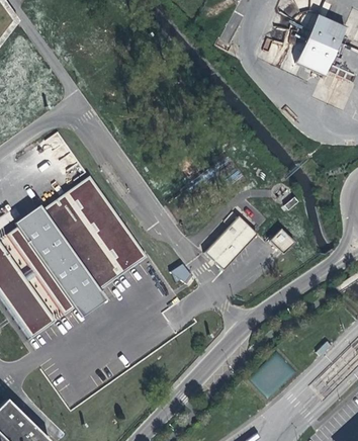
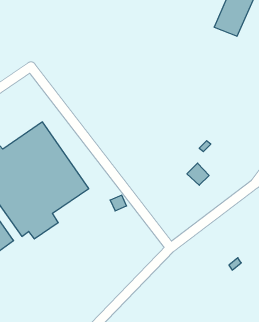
building: [203,217,257,271] -> none

